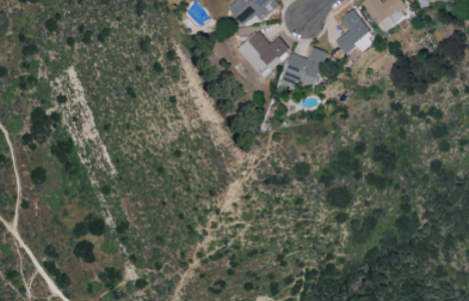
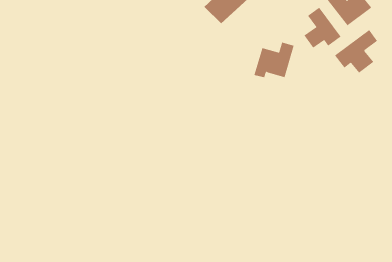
building: [239,29,291,75] -> none
building: none -> [334,29,378,74]

